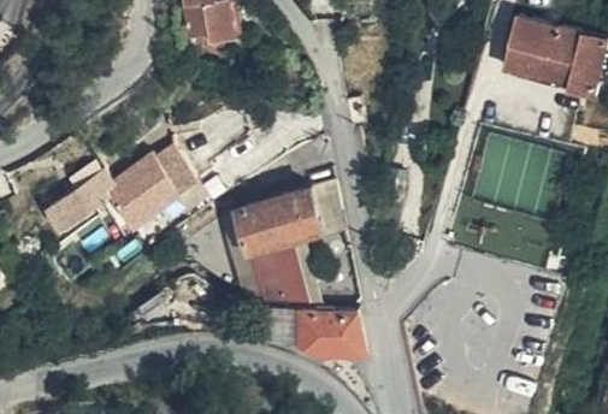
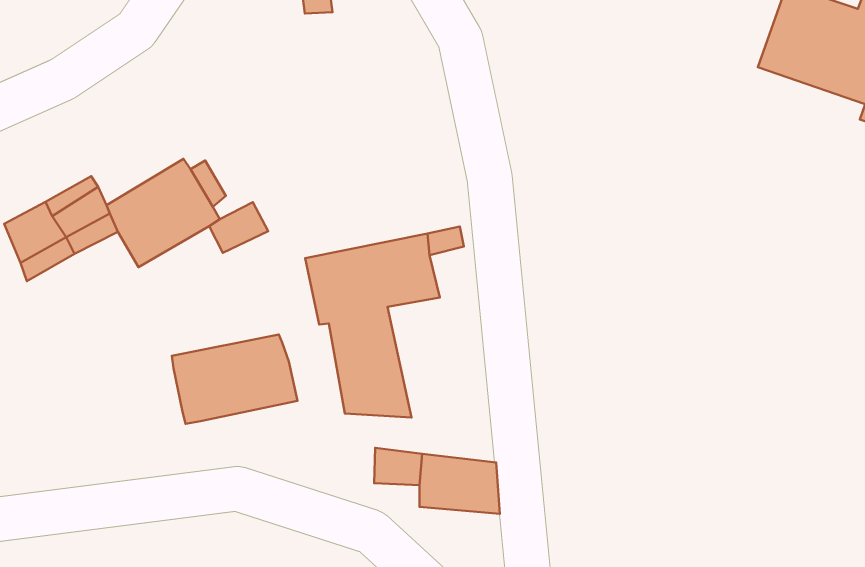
building: none -> [172,335,297,424]

